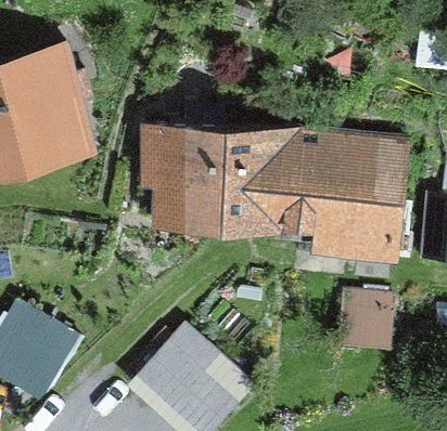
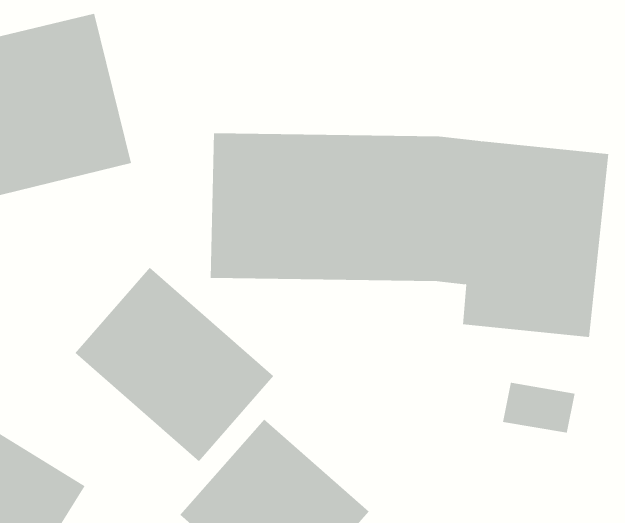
building: none -> [75,267,274,462]

